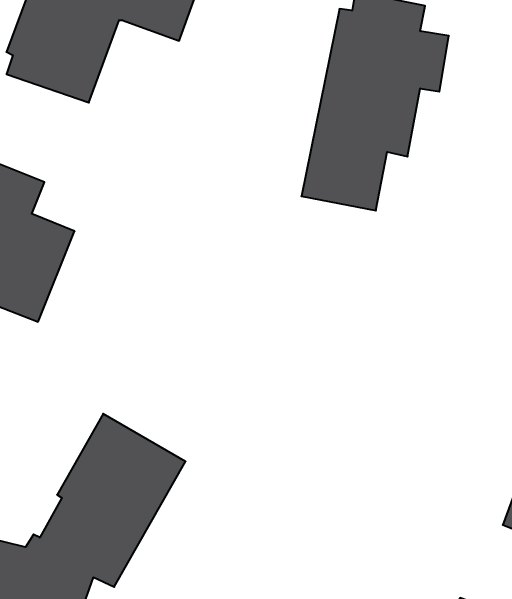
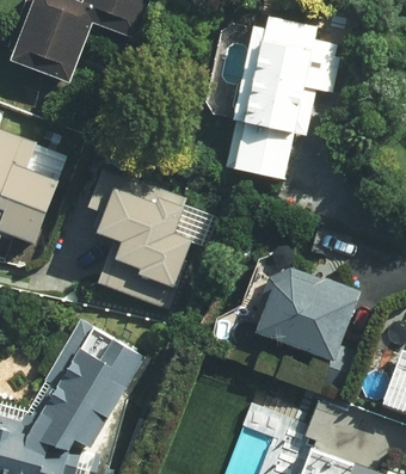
building: none -> [86,170,193,308]
building: none -> [254,269,357,362]

